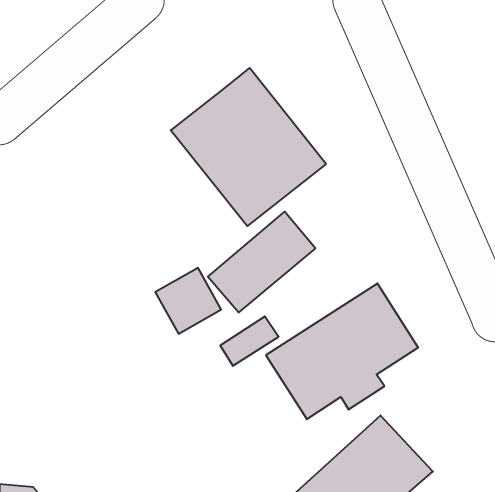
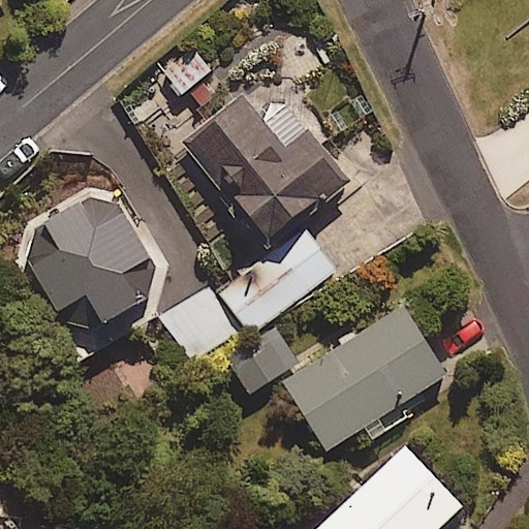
building: none -> [23,196,156,332]

